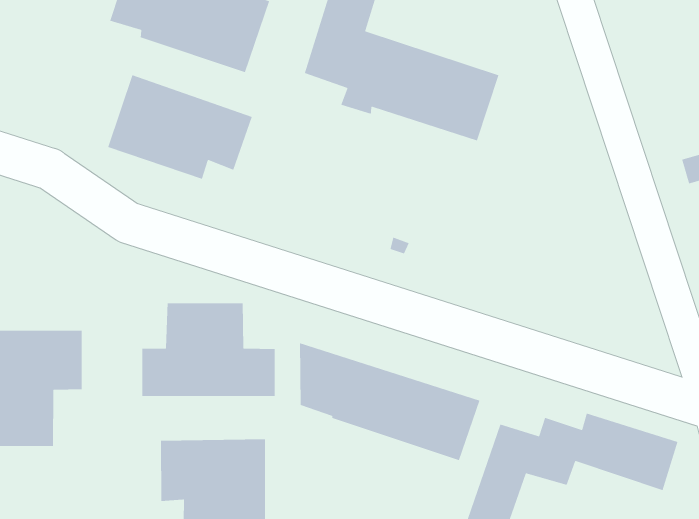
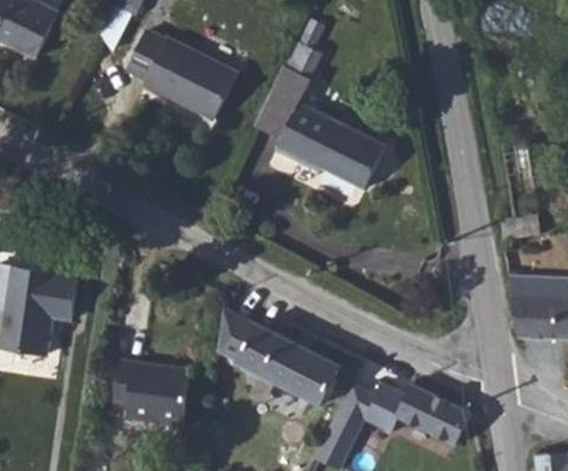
building: [107,74,253,180] -> none
building: [142,302,276,397] -> none

